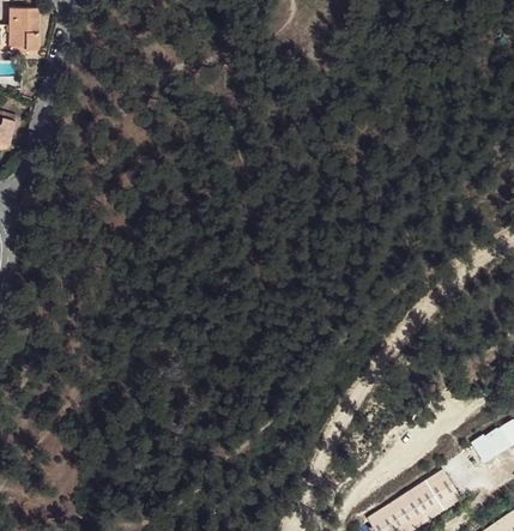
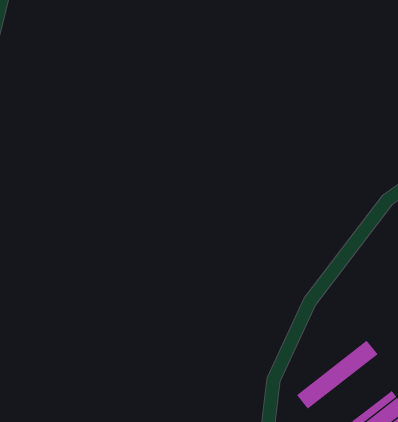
building: none -> [296,340,378,410]

